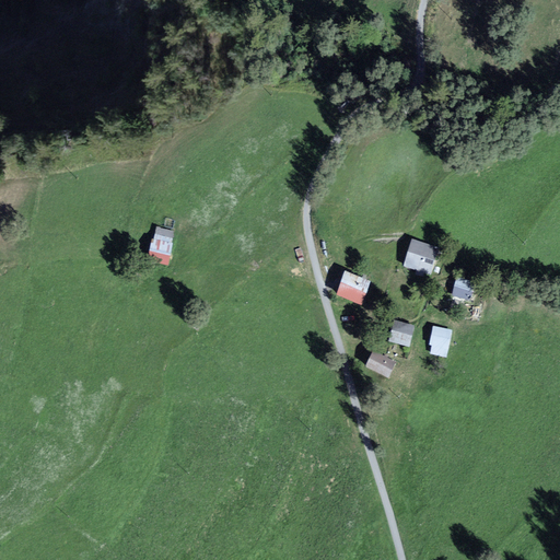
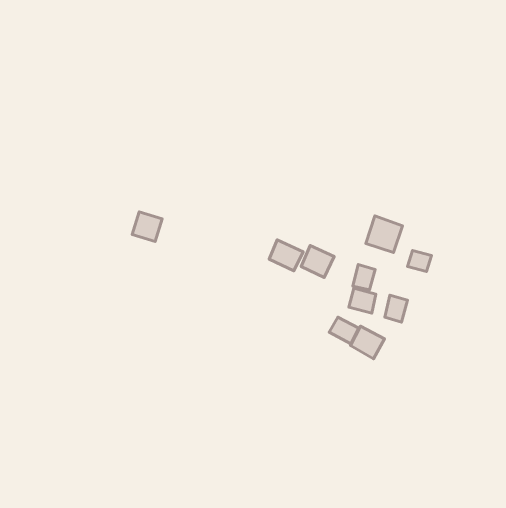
building: none -> [269,240,303,271]
building: none -> [353,265,375,290]
building: none -> [350,326,385,359]

